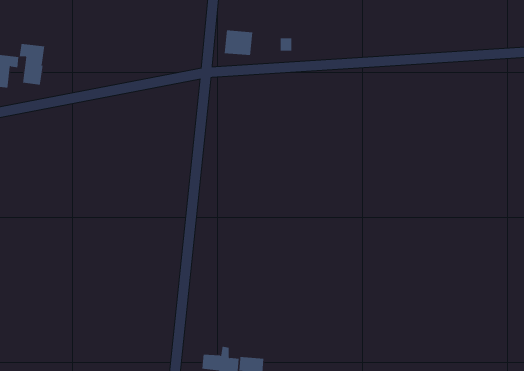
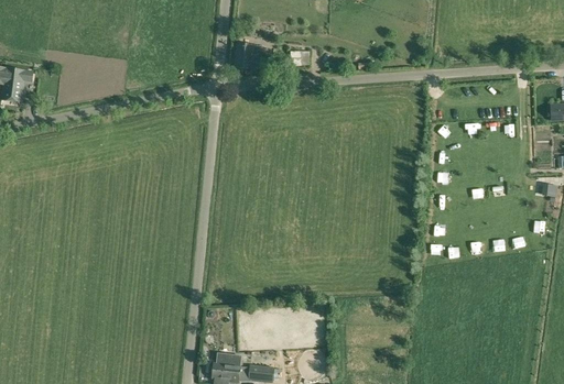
building: [19,43,45,86] -> none

